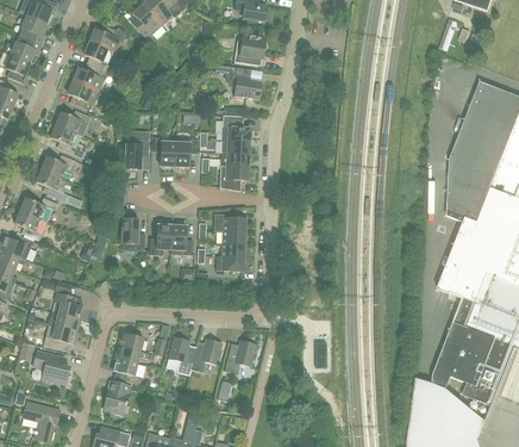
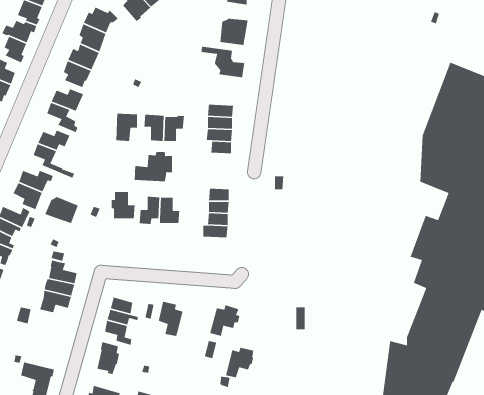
building: none -> [134,151,173,182]
building: none -> [44,196,79,224]
building: [190,339,221,372] -> [225,347,254,378]
building: [33,350,70,383] -> none

